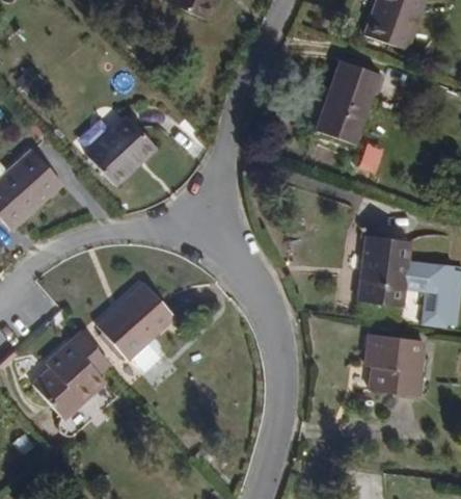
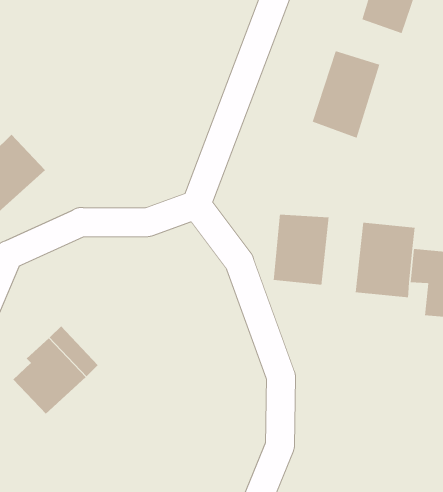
building: [85,115,154,182] -> none
building: none -> [273,214,329,286]
building: [97,283,171,357] -> none
building: [365,334,428,395] -> none

